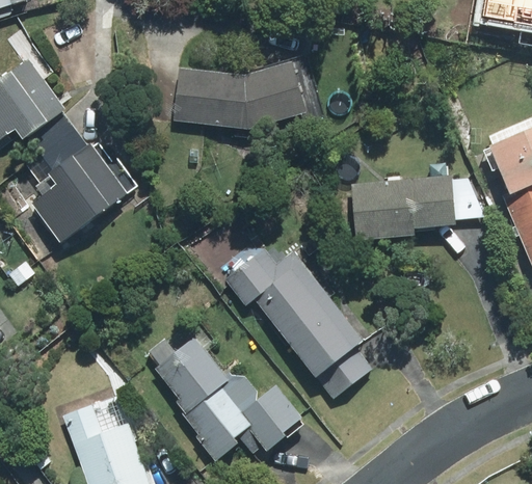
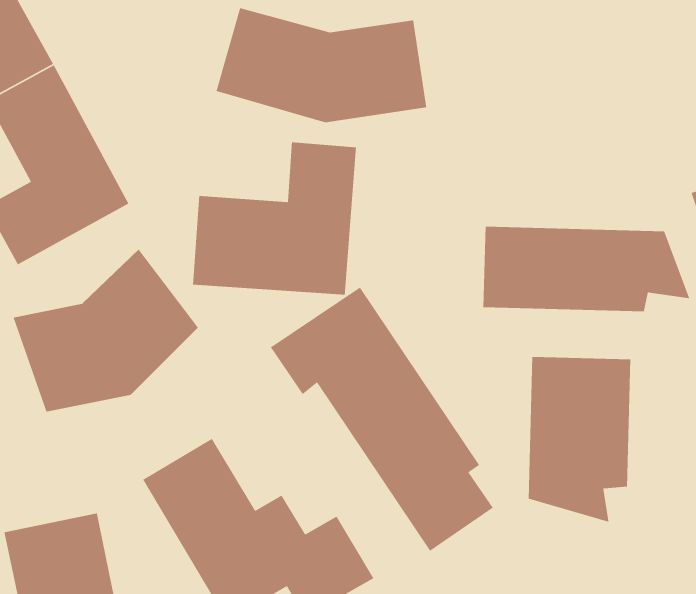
building: none -> [192,141,357,296]
building: none -> [12,248,199,413]
building: none -> [528,356,631,523]

